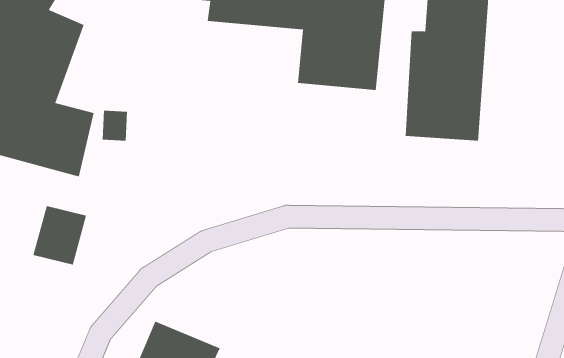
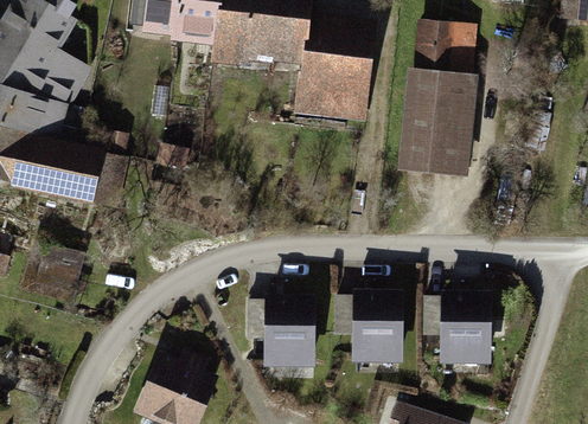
building: none -> [349,291,400,361]
building: none -> [437,291,487,359]
building: none -> [261,295,312,366]

